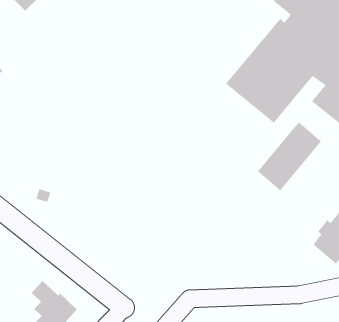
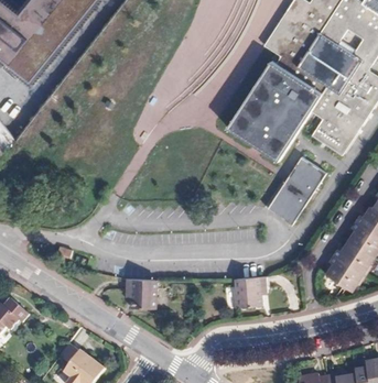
building: none -> [126,278,154,310]
building: none -> [233,275,263,307]

